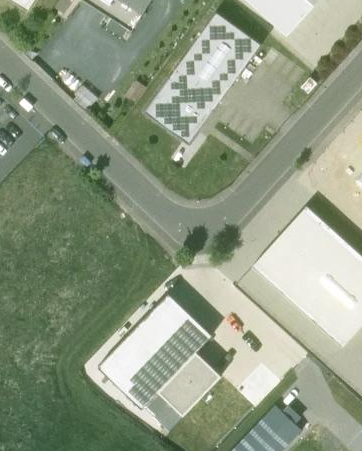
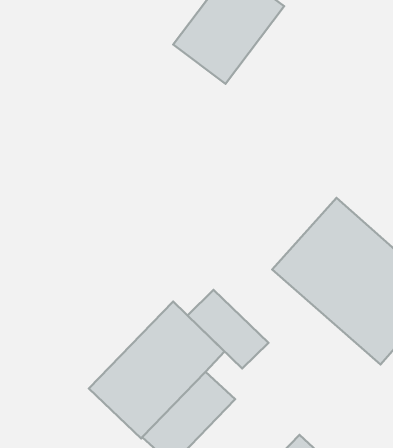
building: [143,77,212,143] -> none
building: none -> [187,290,268,369]

